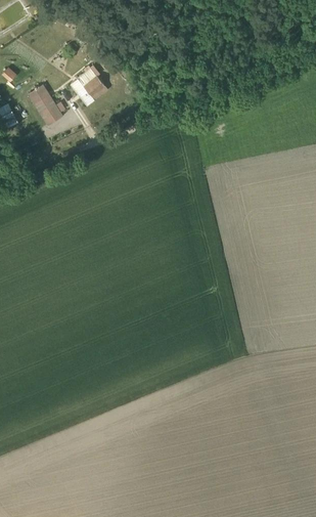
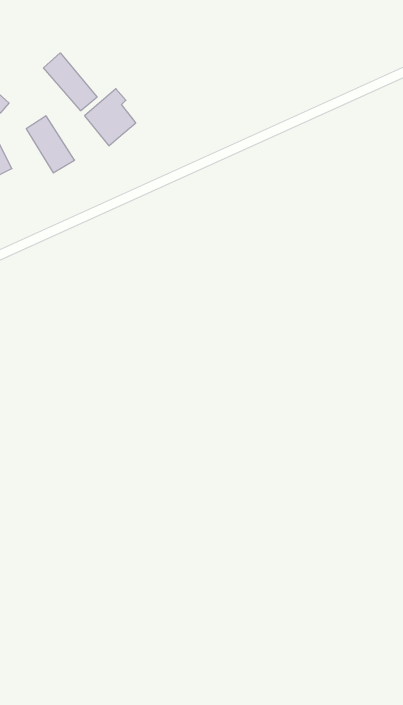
building: none -> [44,53,97,111]

